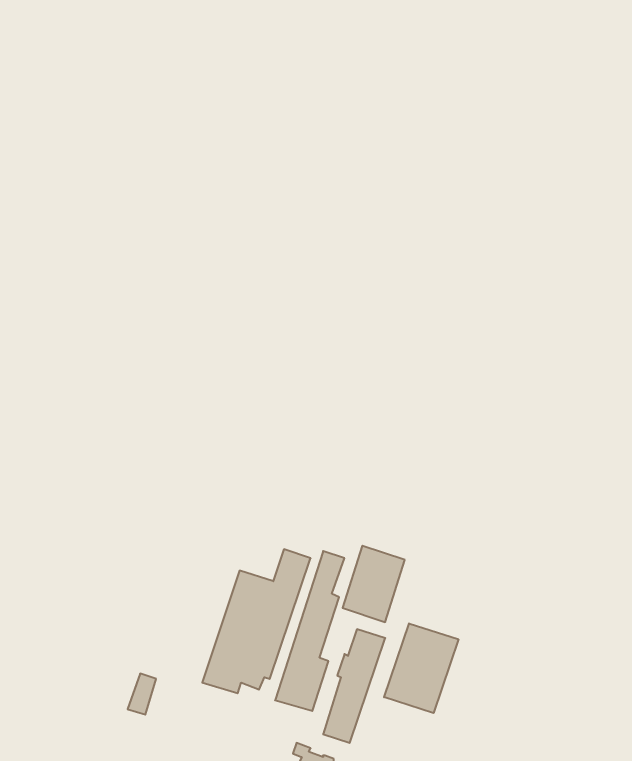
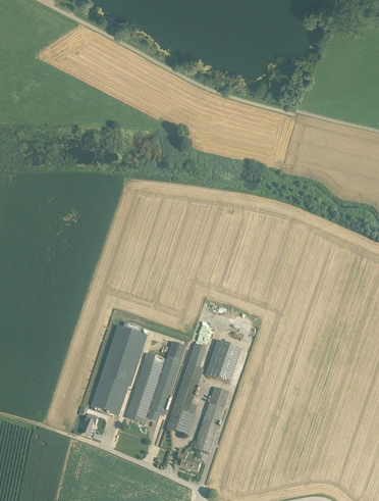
building: none -> [91,321,147,415]
building: [384,623,458,713] -> none

